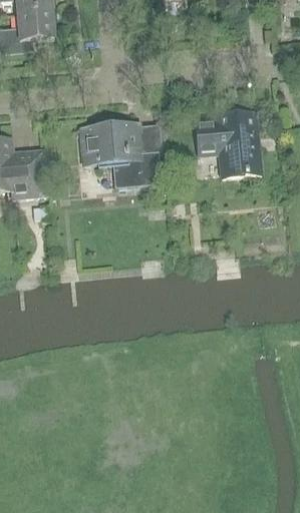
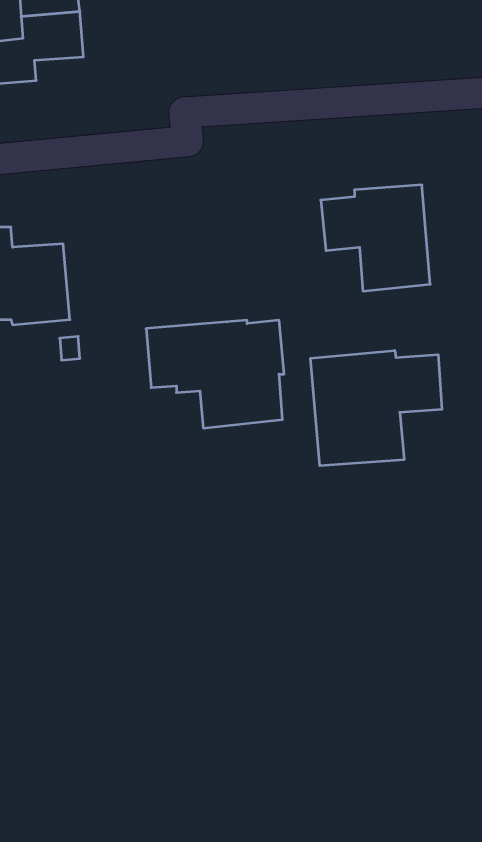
building: [78,123,161,187] -> [146,320,284,428]
building: none -> [311,350,442,466]

